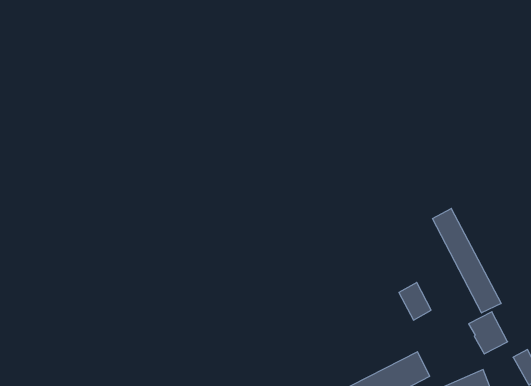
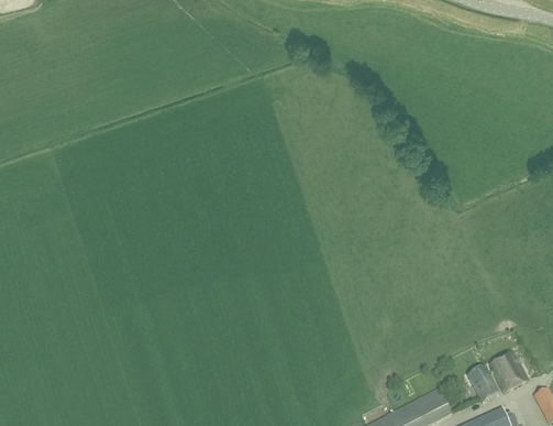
building: [433,208,501,313] -> none
building: [399,282,431,320] -> [467,364,499,402]

